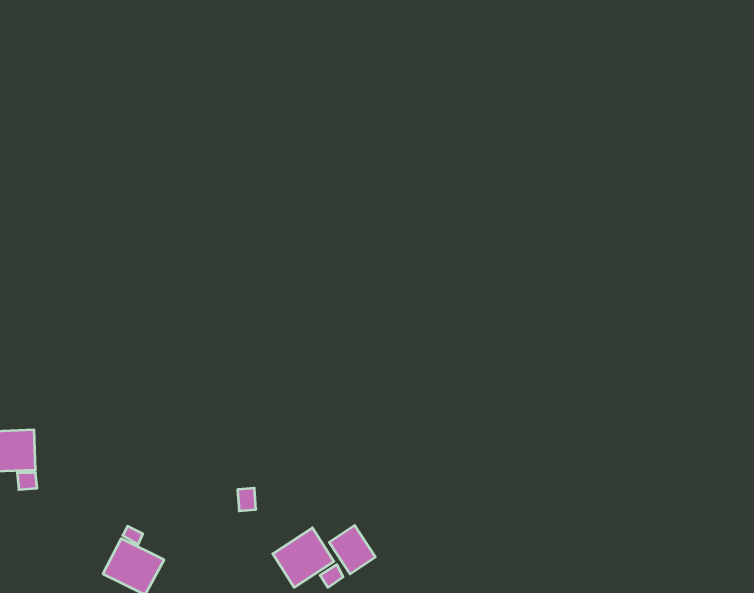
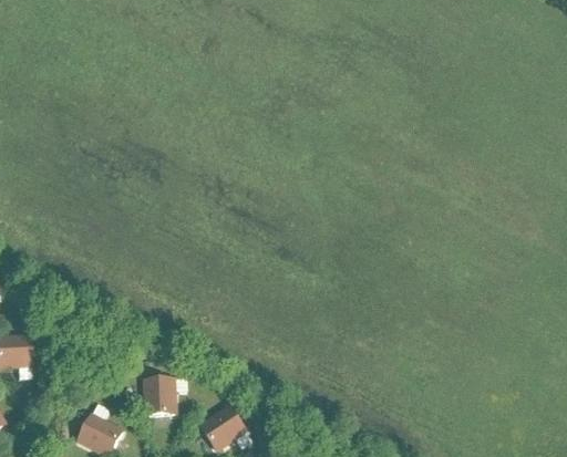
building: none -> [144,377,175,413]
building: [329,525,375,574] -> none

